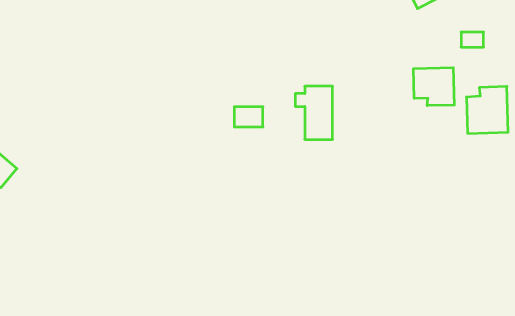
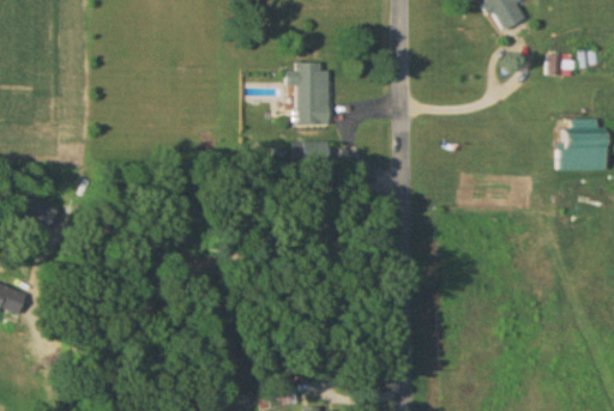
building: [414,68,454,106] -> none
building: [295,86,333,139] -> [287,62,329,122]

